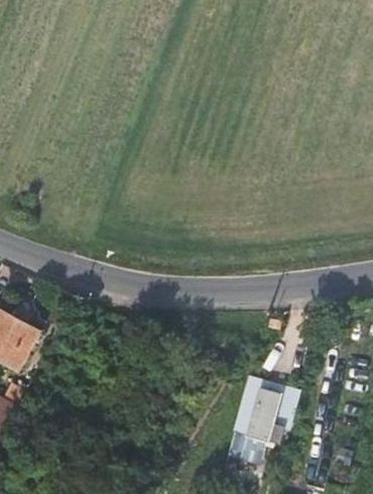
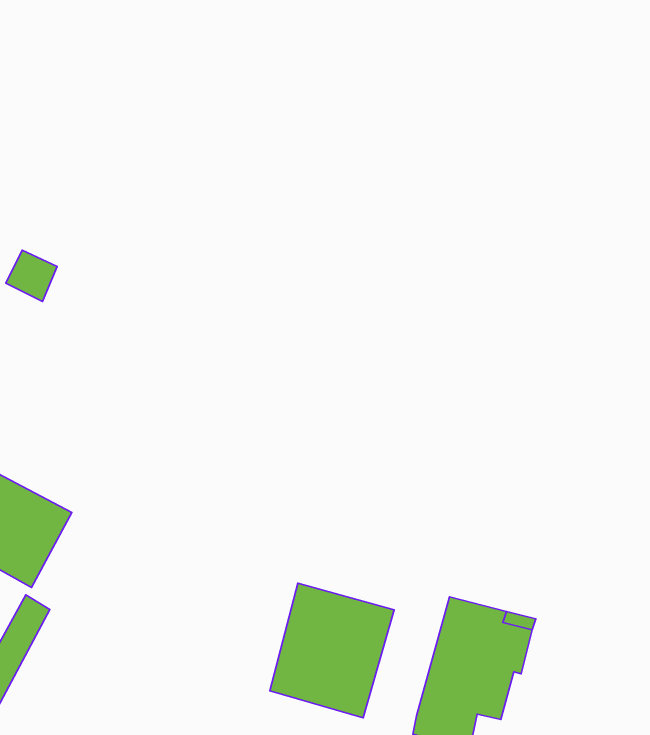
building: none -> [270,583,394,718]

